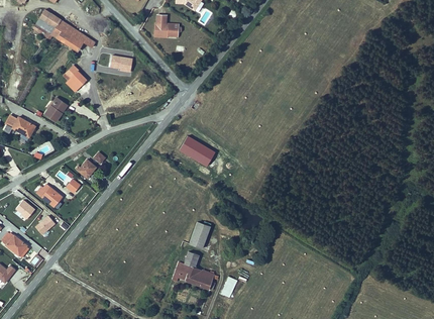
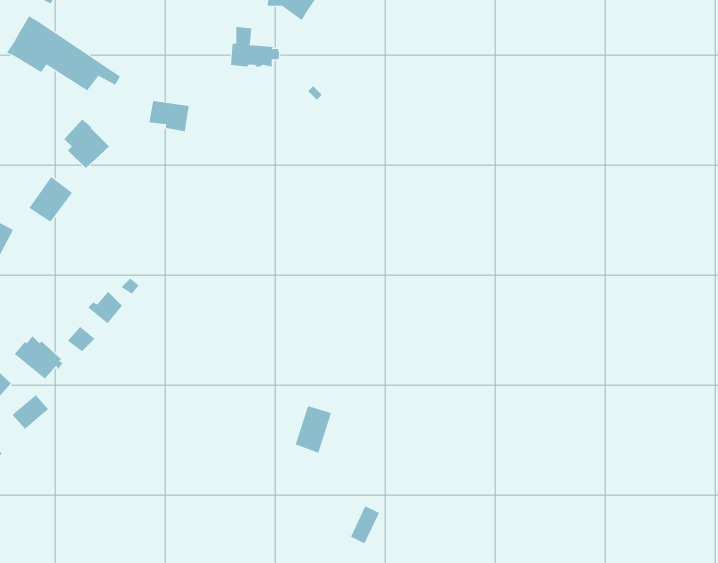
building: [179,136,215,167] -> none
building: [171,251,220,291] -> none

